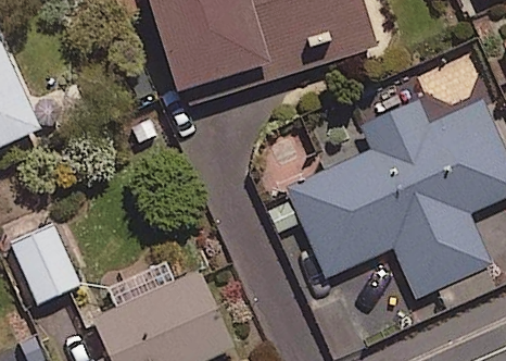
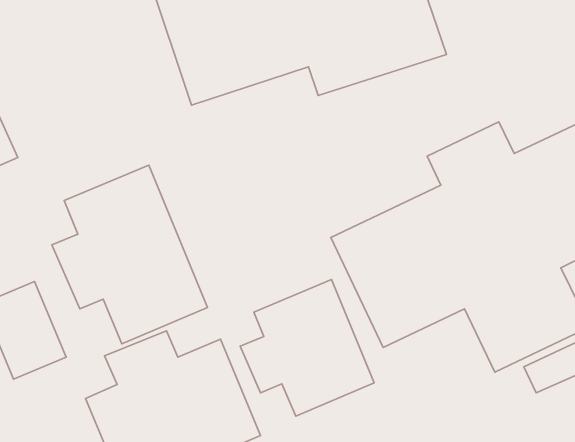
building: none -> [52,165,207,344]
building: none -> [240,280,374,416]

